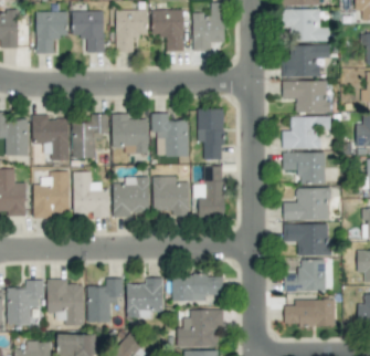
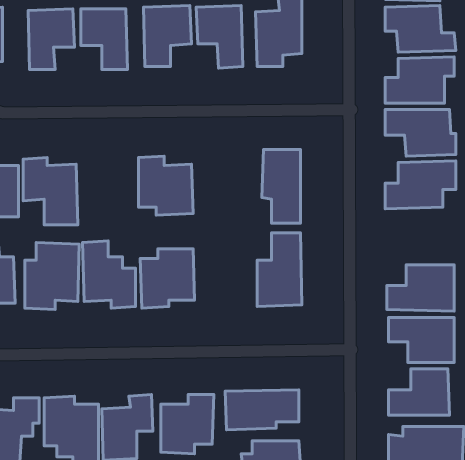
building: [155,113,189,156] -> none
building: [72,114,109,158] -> none
building: [282,153,325,185] -> none
building: [152,176,190,216] -> none

